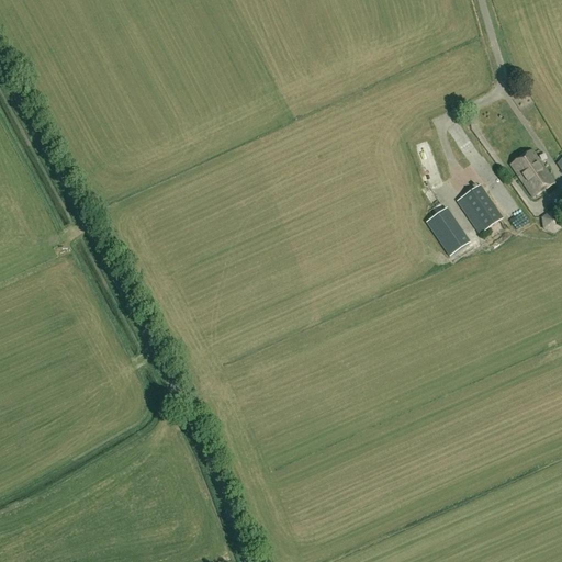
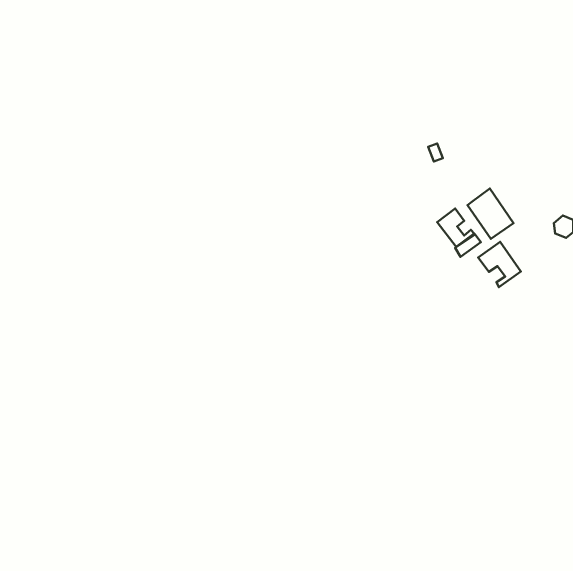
building: [510,149,554,198] -> none
building: none -> [478,242,521,287]

